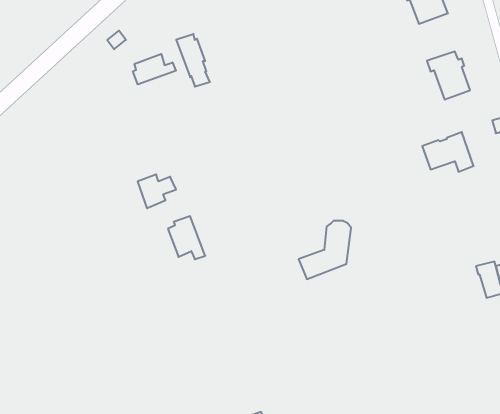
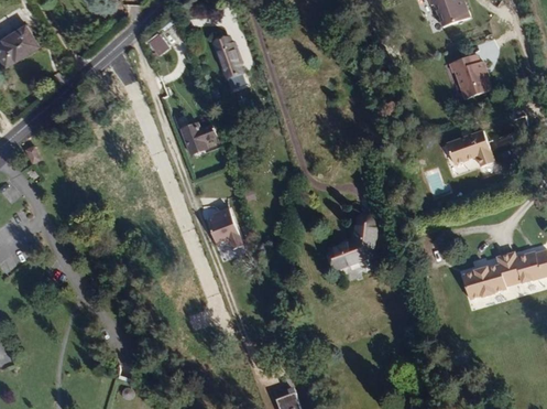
building: [133,54,176,84] -> none
building: [138,174,176,208] -> [179,122,216,154]
building: none -> [461,265,505,300]

